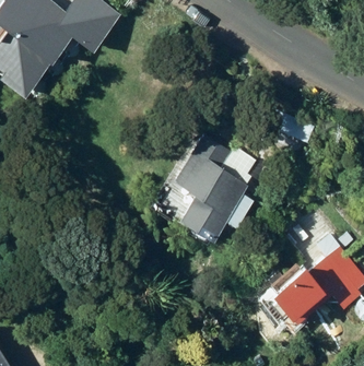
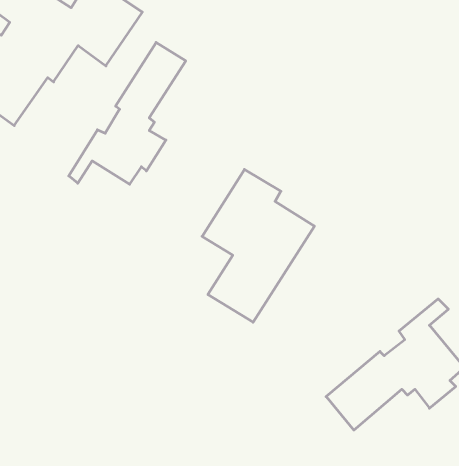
building: none -> [69,42,186,184]

